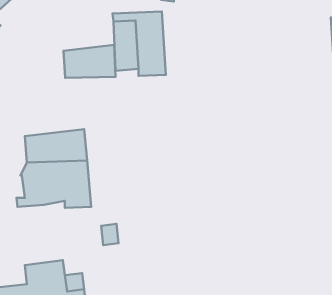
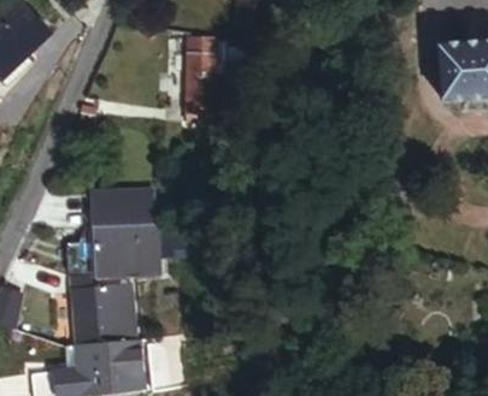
building: [63,45,116,78] -> none
building: none -> [66,265,128,342]

